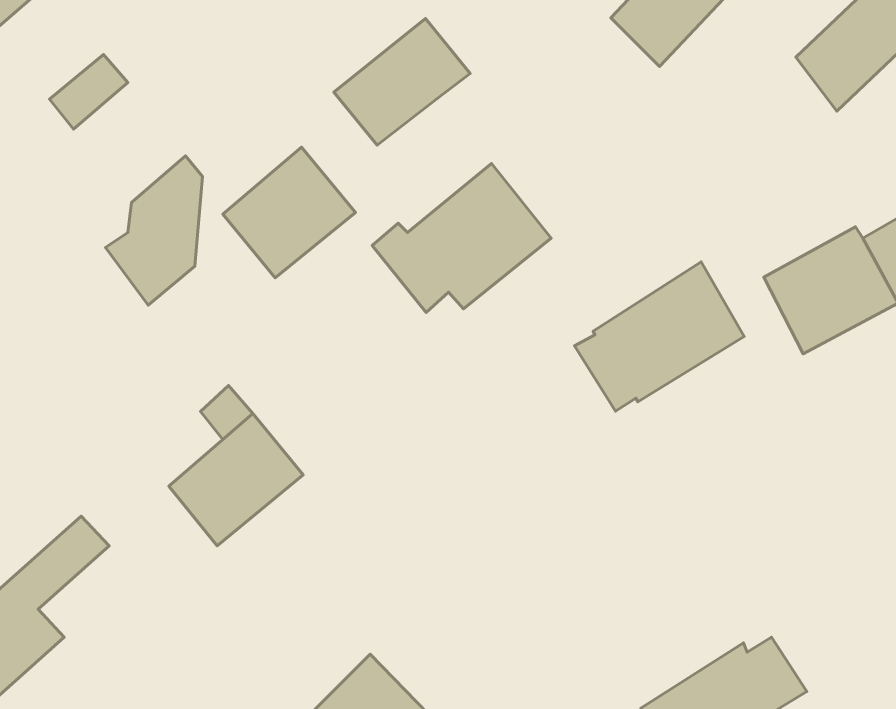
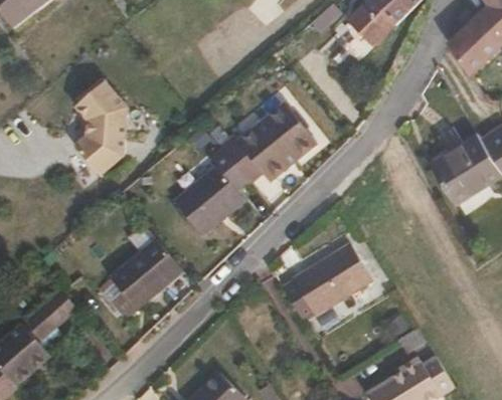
building: [334,19,470,145] -> none
building: [49,54,128,129] -> [75,82,118,123]
building: [223,147,355,278] -> [171,164,242,234]
building: [574,262,744,411] -> [280,242,371,323]

